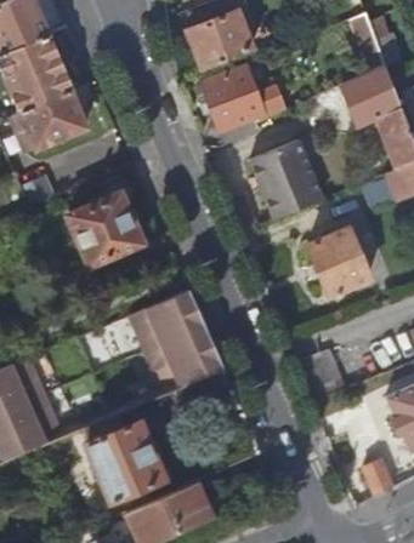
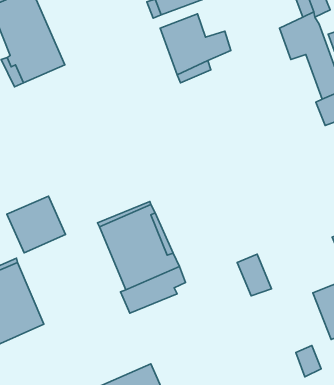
building: [248,139,325,219] -> none
building: [68,193,138,261] -> [7,196,66,253]
building: [307,227,367,295] -> none
building: [83,413,163,502] -> none

